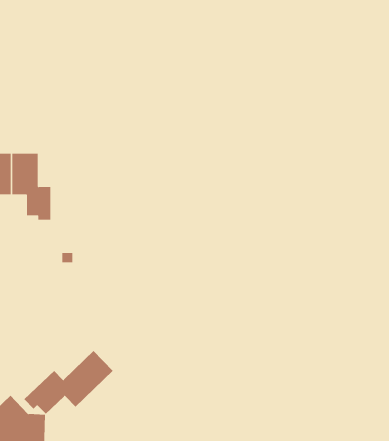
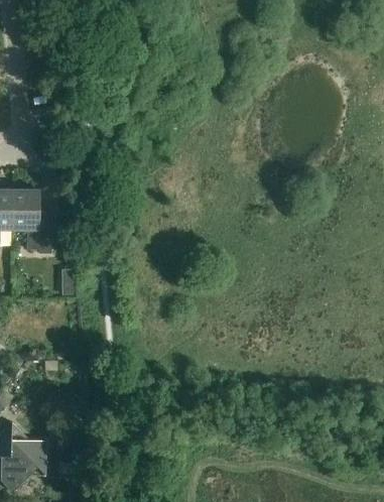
building: [24,350,113,415] -> none

